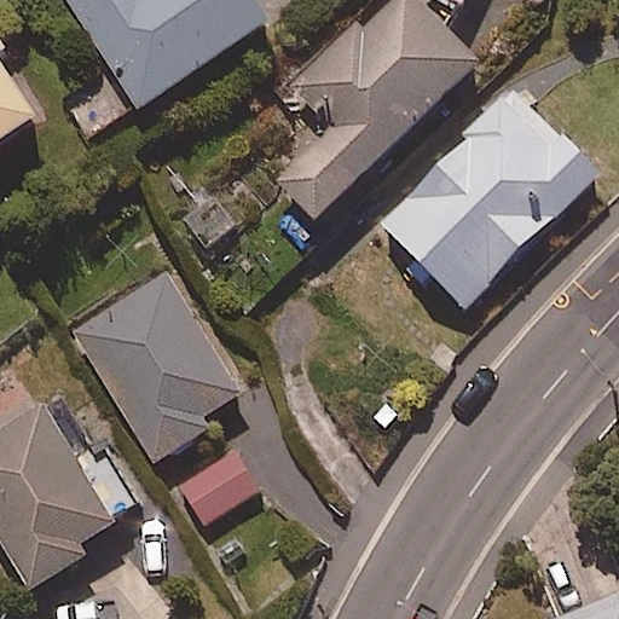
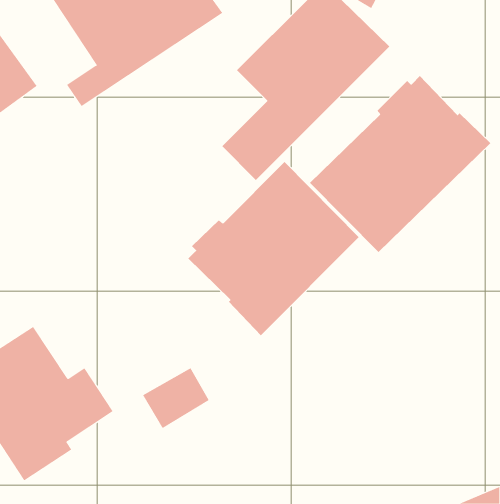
building: none -> [188,161,360,336]
building: [69,270,242,462] -> none

